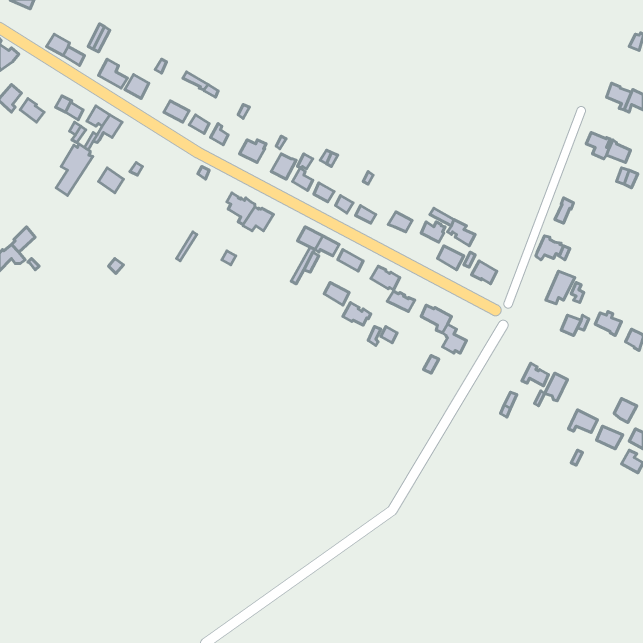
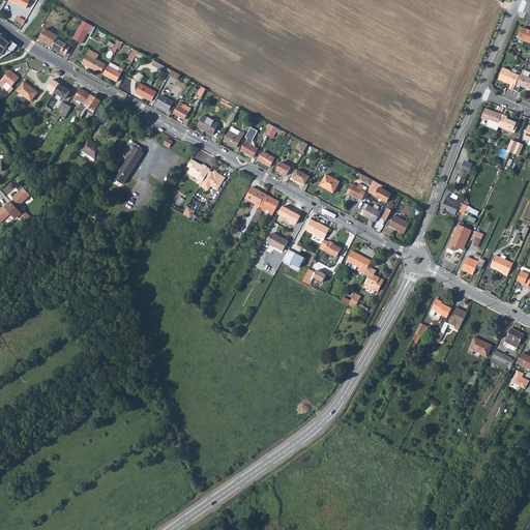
building: [56,144,93,195] -> [113,141,143,183]

